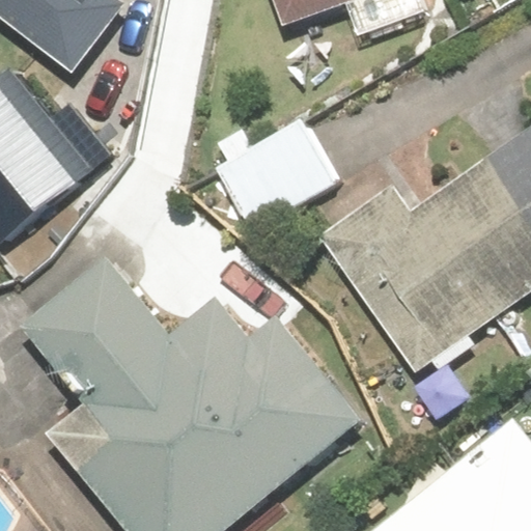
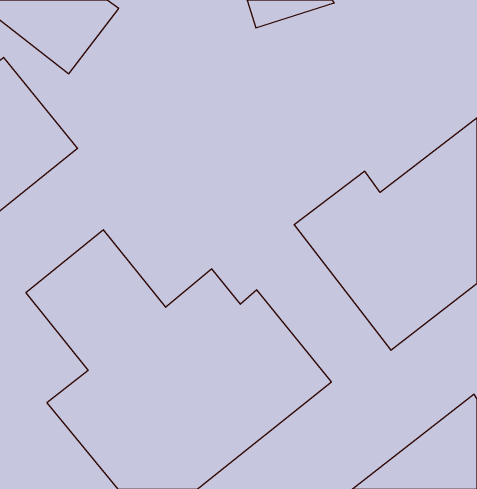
building: [214,121,338,236] -> none

